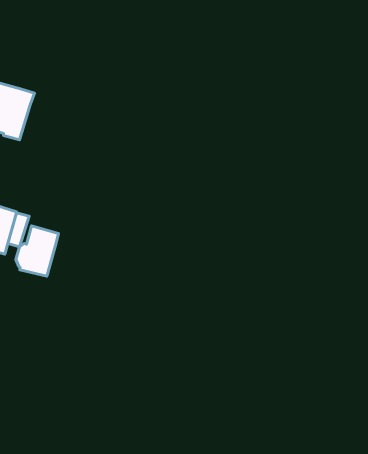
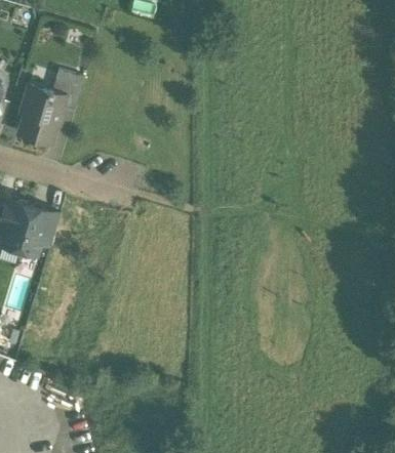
building: none -> [51,70,85,113]
building: [16,226,59,276] -> none

